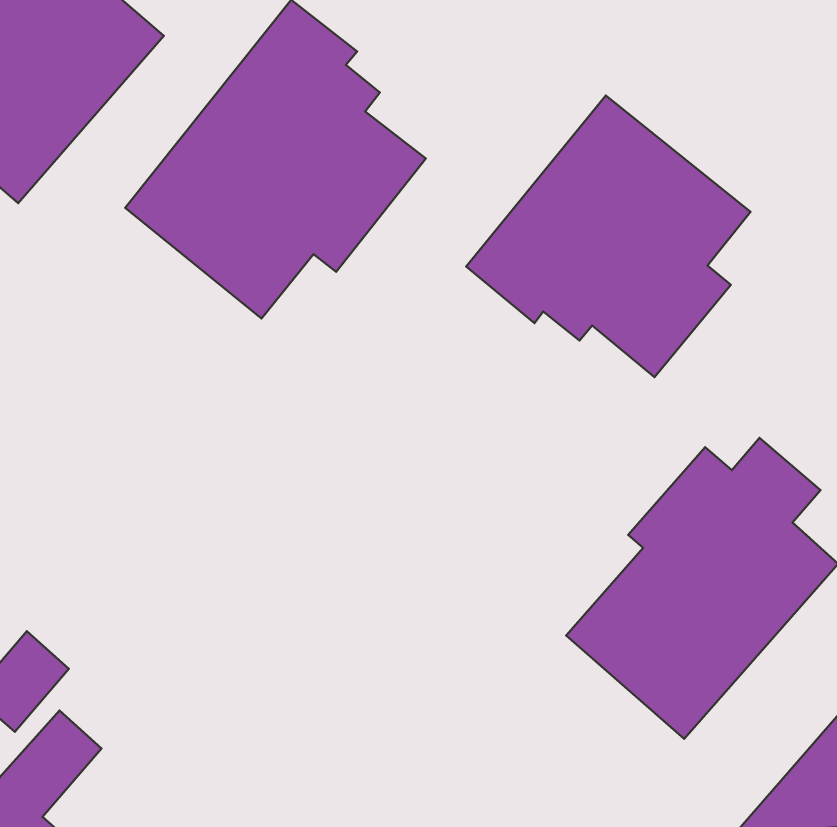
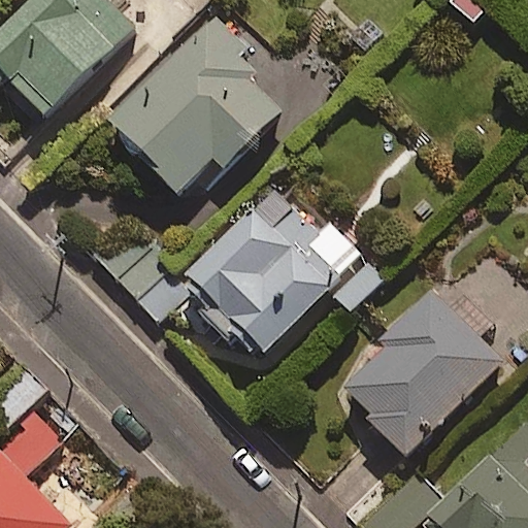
building: [466,95,750,377] -> none
building: none -> [174,188,388,364]

